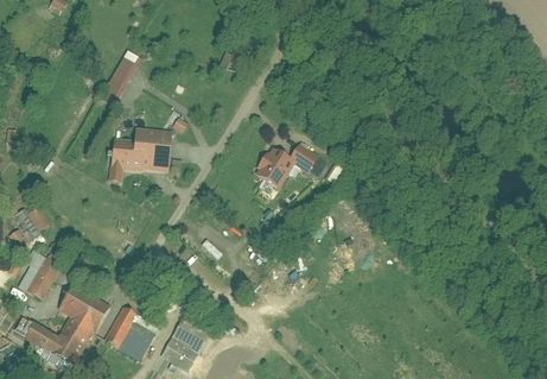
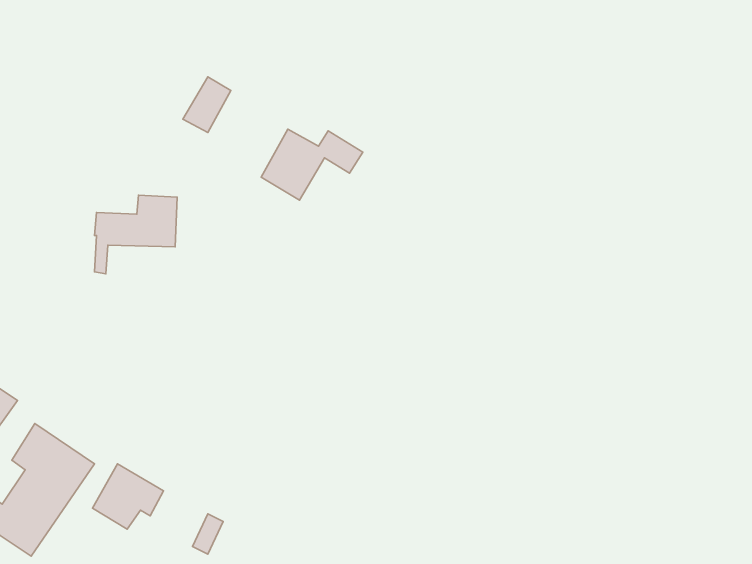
building: [106,61,135,95] -> [183,77,231,133]
building: [252,150,314,194] -> [261,129,363,200]

